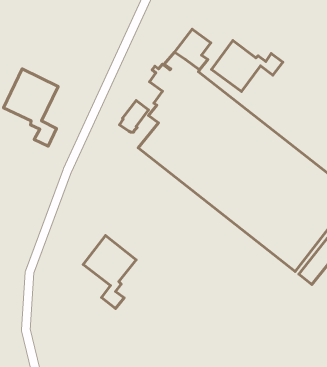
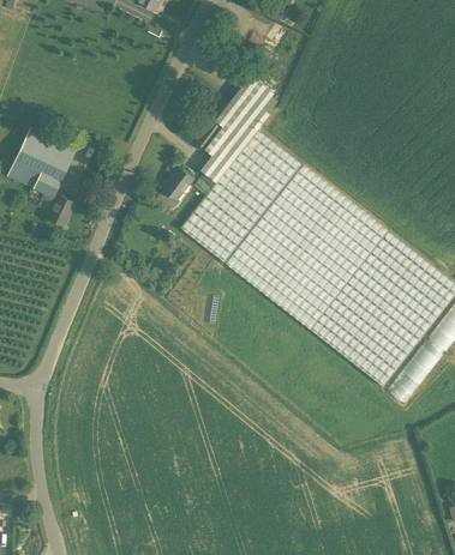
building: [211,41,283,92] -> none
building: [83,235,136,309] -> none

